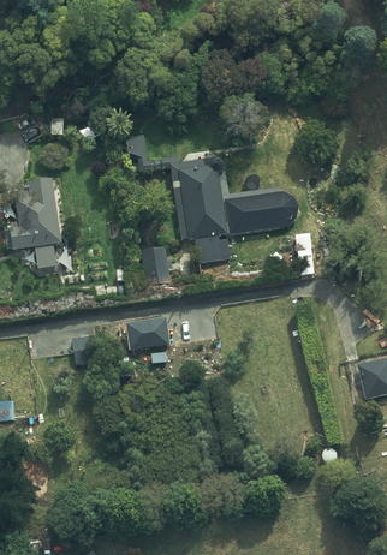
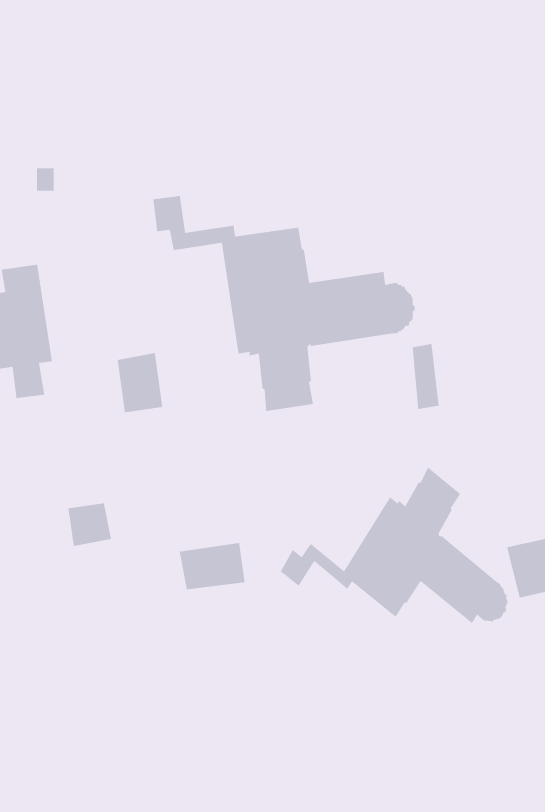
building: [139,246,169,286] -> [117,352,163,413]
building: none -> [280,467,509,624]
building: [125,317,168,348] -> [179,542,245,590]

